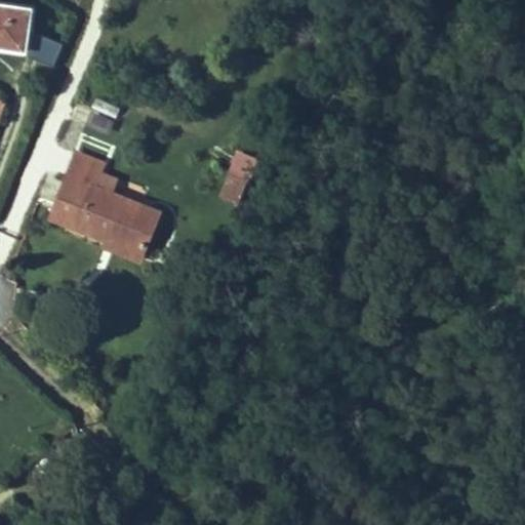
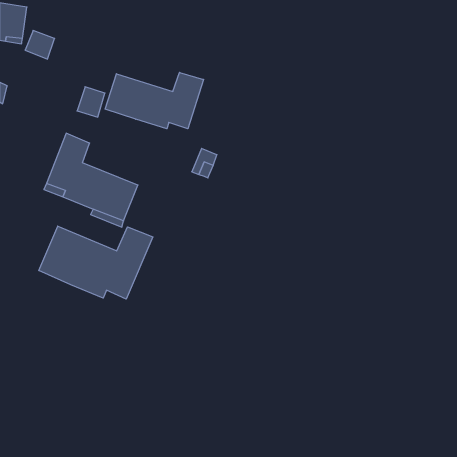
building: none -> [105,72,204,129]
building: none -> [39,226,153,299]

